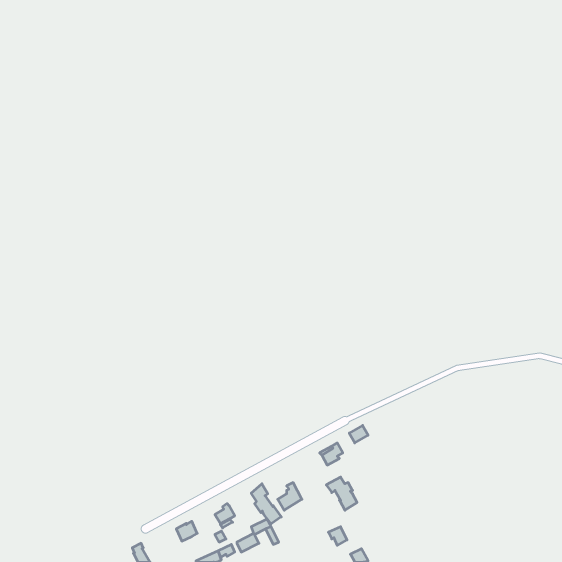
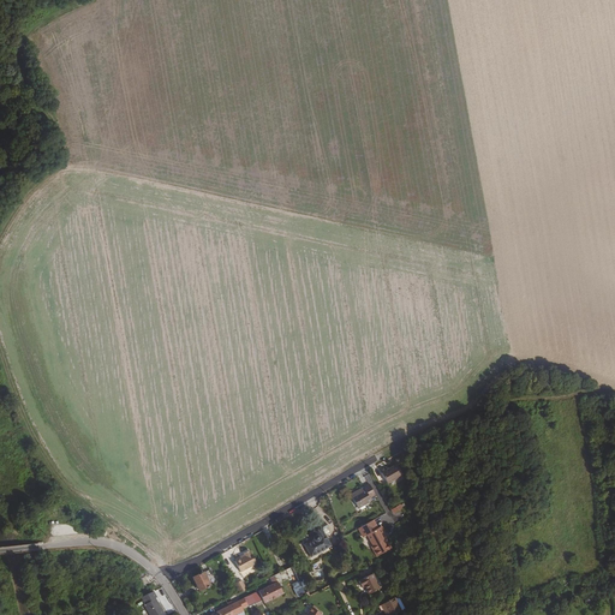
building: [251,484,281,524] -> none

